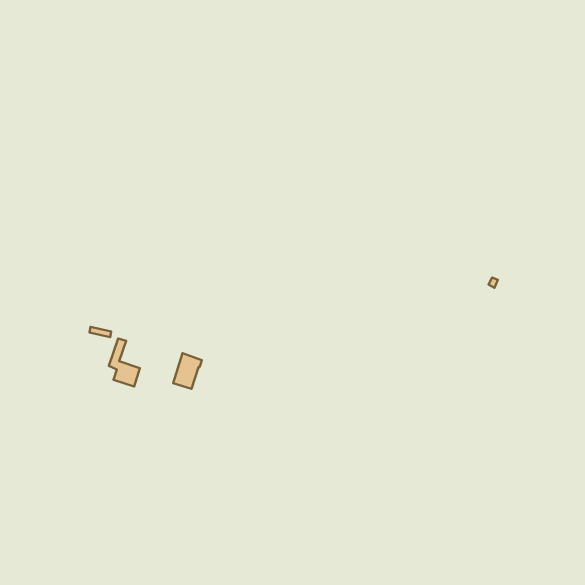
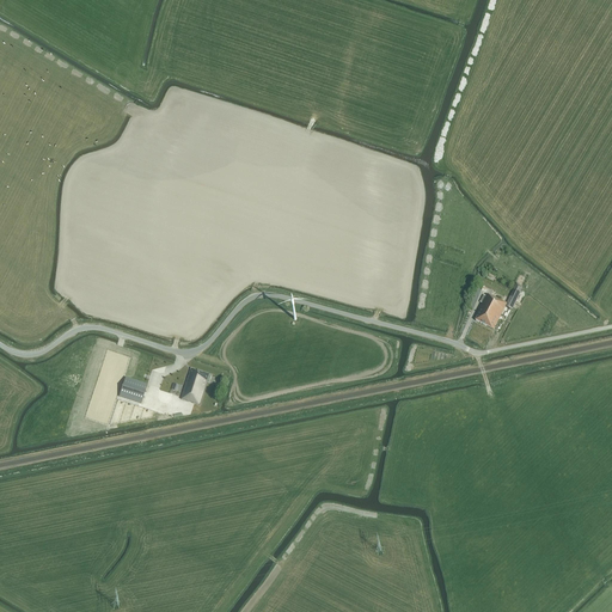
building: none -> [475,294,506,329]

